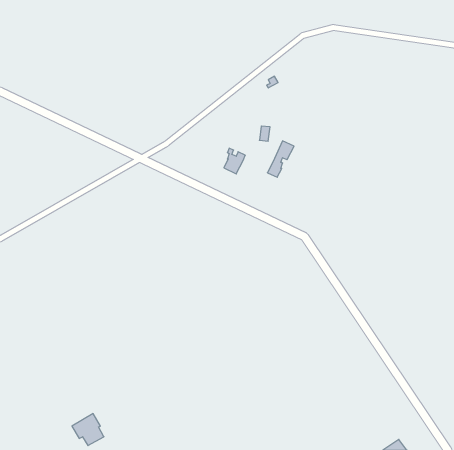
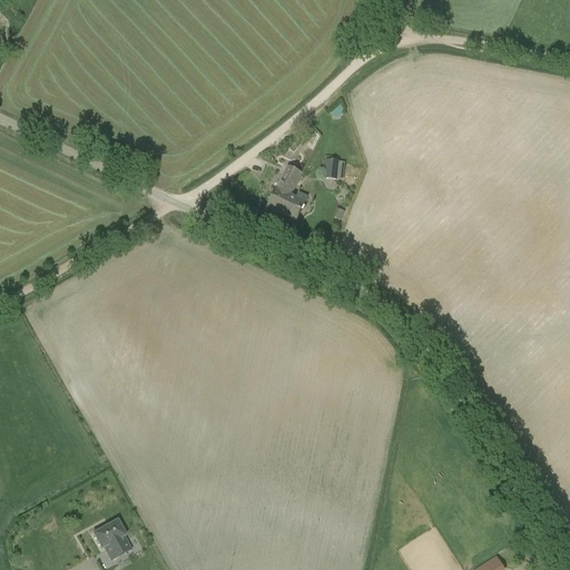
building: [267,141,294,177] -> [268,165,302,210]

